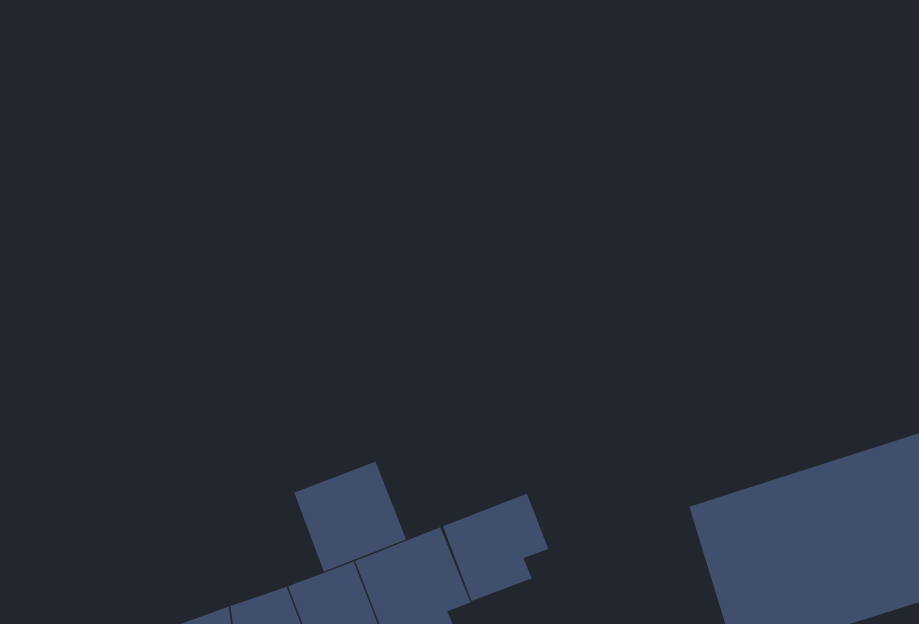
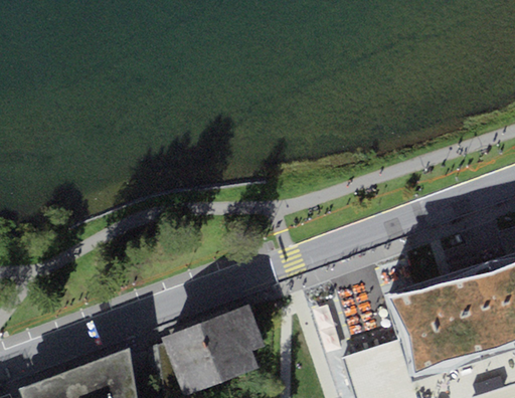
building: [293,461,407,572] -> none
building: [442,493,549,602] -> none

